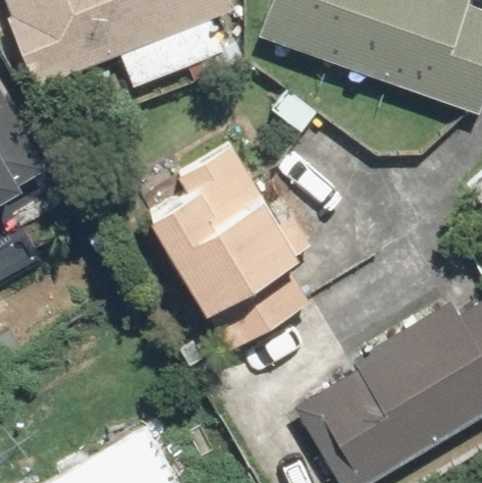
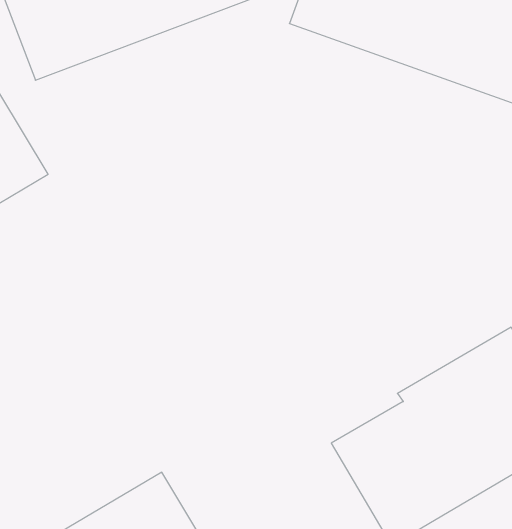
building: [156,146,308,342] -> none

